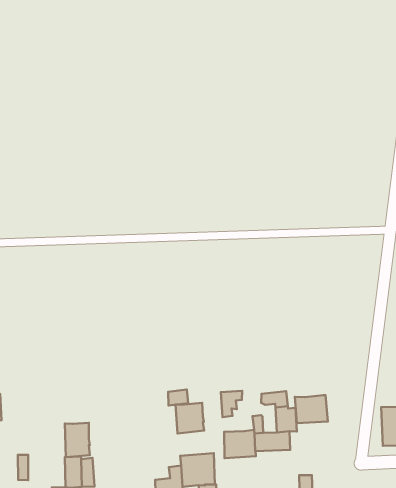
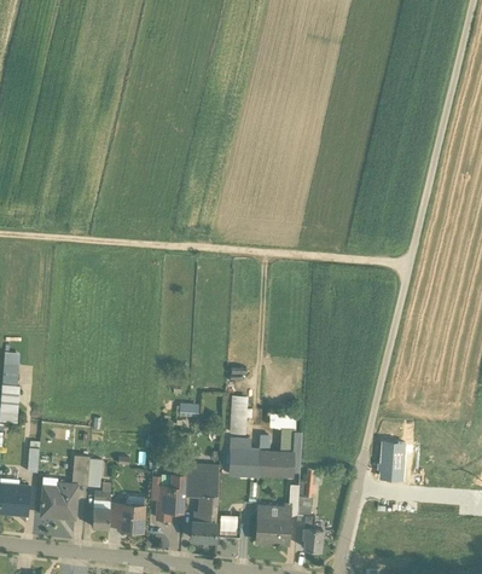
building: [295,395,328,423] -> none
building: [176,403,204,433] -> none
building: [65,423,90,457] -> none

